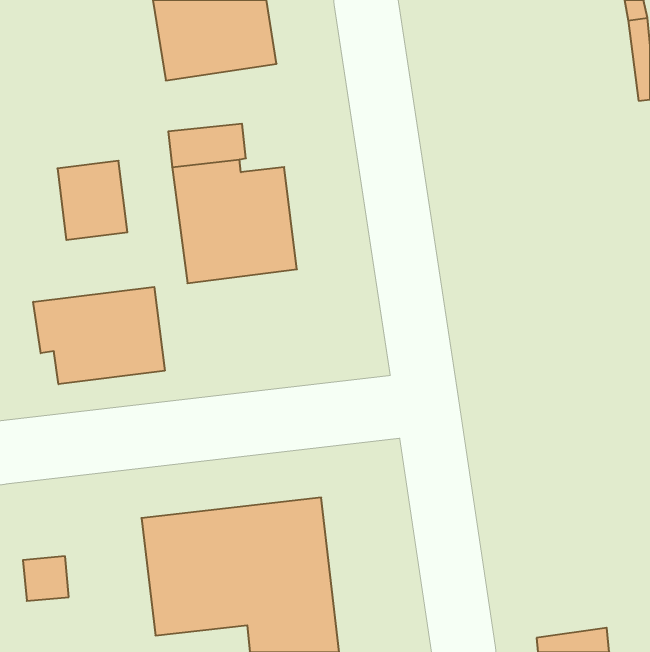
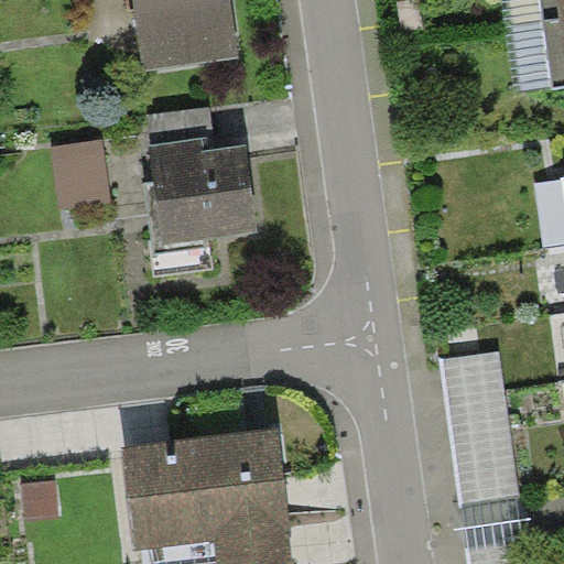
building: [33,287,165,384] -> none
building: none -> [438,354,518,508]

